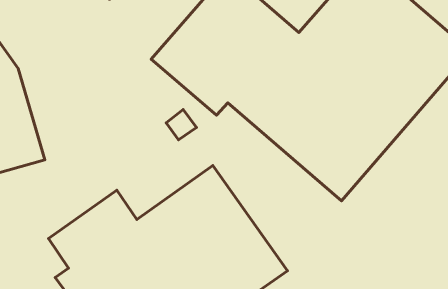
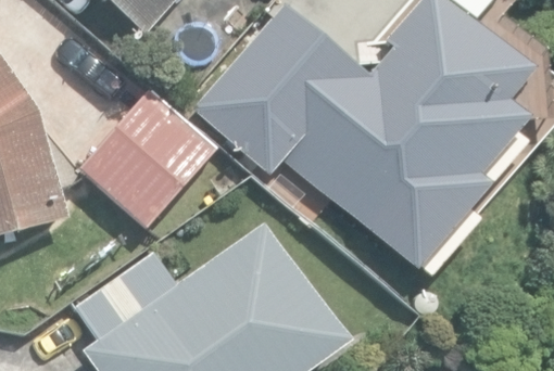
building: none -> [77,89,216,230]

